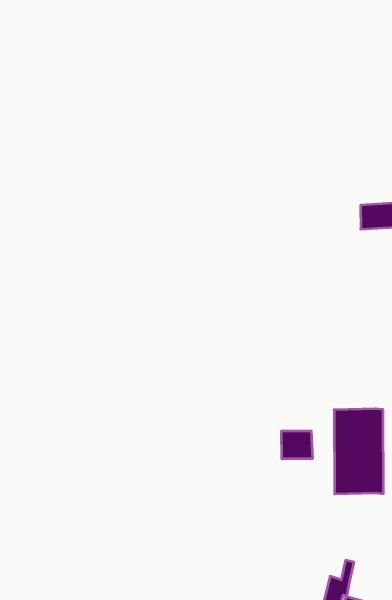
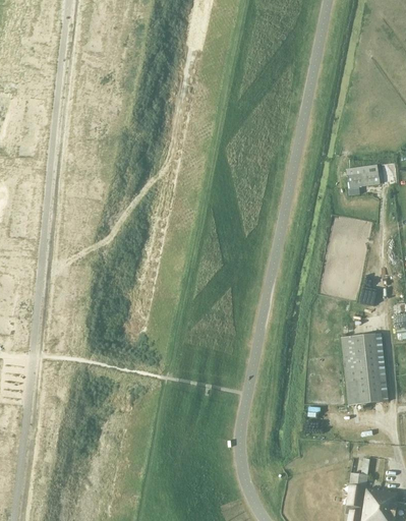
building: [282,431,312,459] -> none

